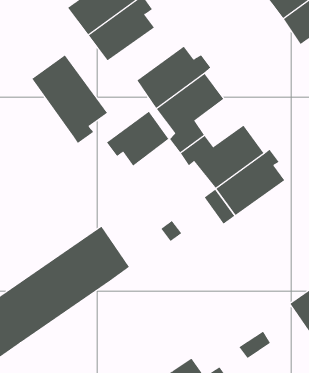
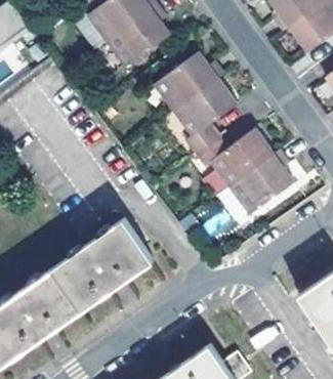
building: [32,54,108,144] -> none
building: [106,111,169,166] -> none

